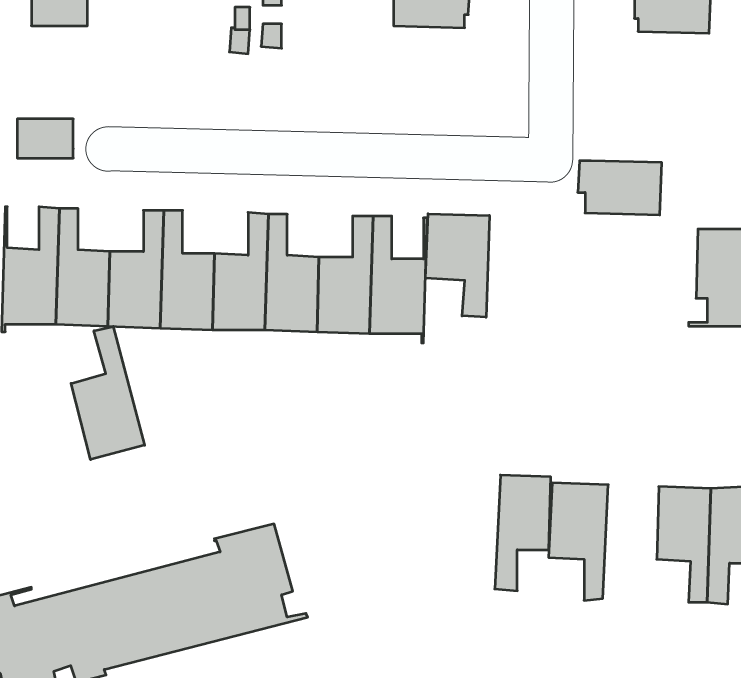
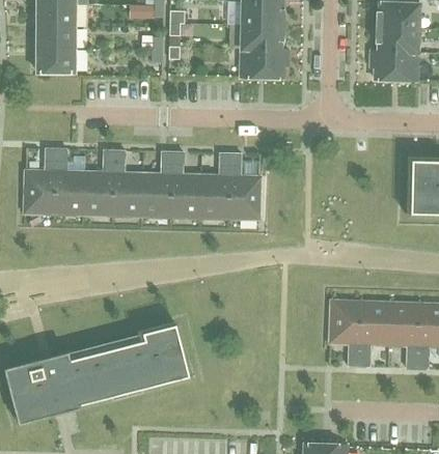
building: none -> [241,48,287,78]
building: [17,119,73,158] -> [40,48,72,69]
building: [578,161,662,215] -> [371,51,417,81]
building: [425,214,489,317] -> none
building: [71,326,145,460] -> none
building: [495,475,551,591] -> [358,303,389,367]

